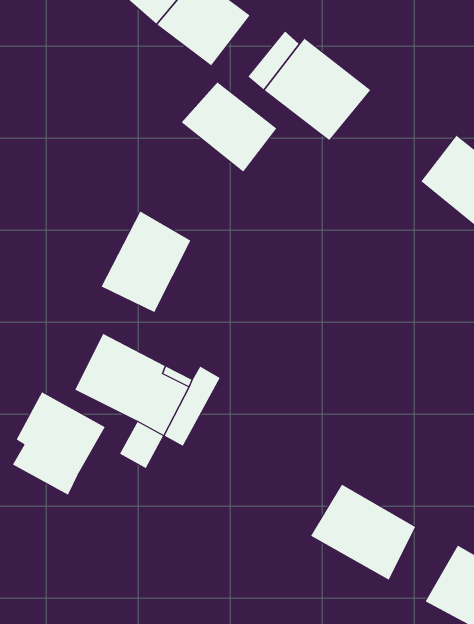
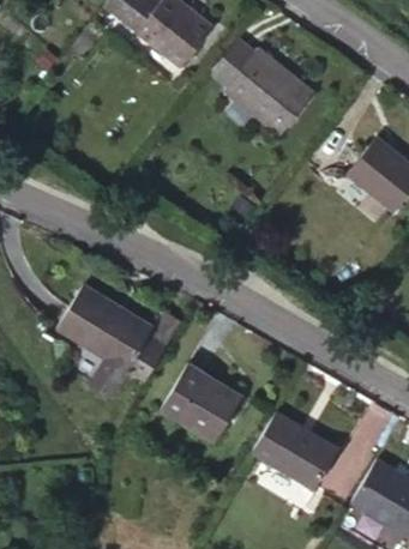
building: [181,81,277,173] -> none
building: [101,210,191,313] -> none
building: [12,391,105,495] -> none
building: none -> [166,362,246,438]

